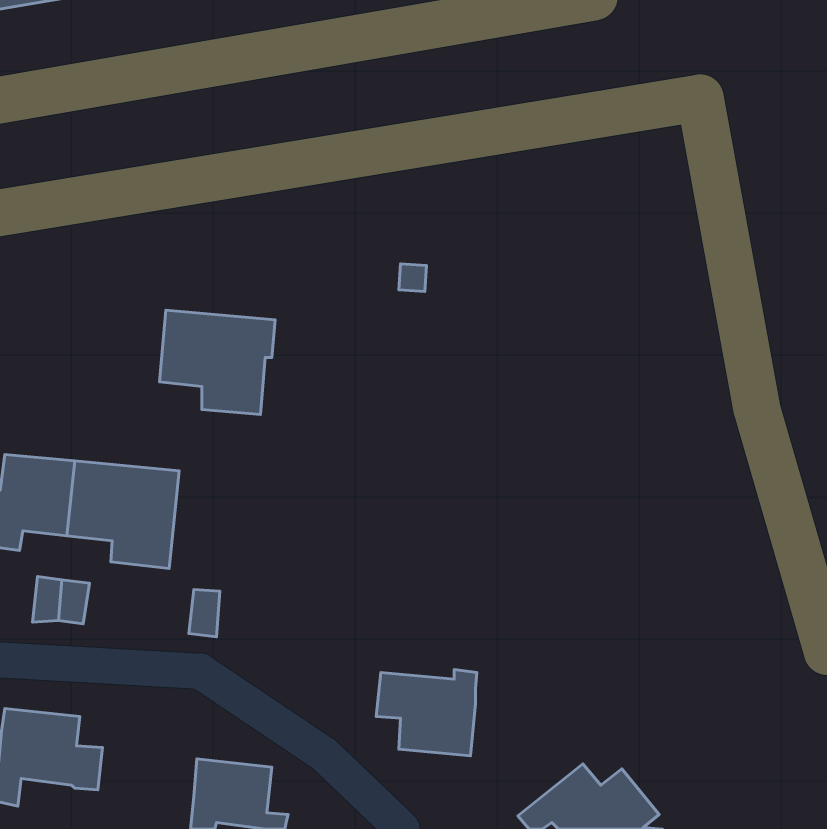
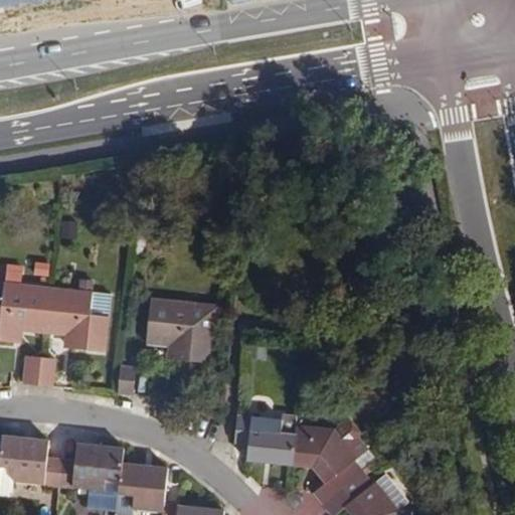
building: [159,310,275,414] -> [146,294,217,358]
building: none -> [291,425,360,504]
building: none -> [60,446,124,492]

